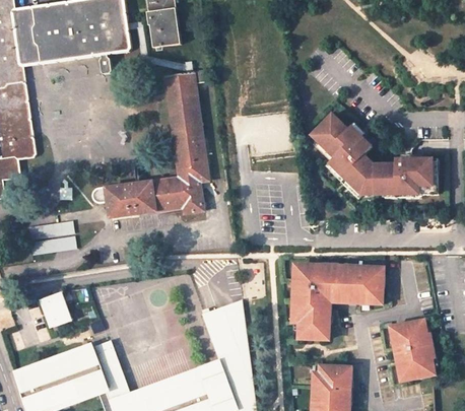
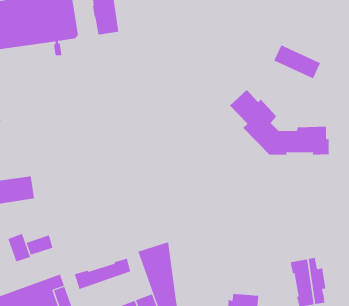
building: none -> [274,44,321,79]
building: [93,69,211,217] -> none
building: [290,263,384,340] -> none
building: none -> [26,234,53,256]
building: none -> [74,258,131,290]

